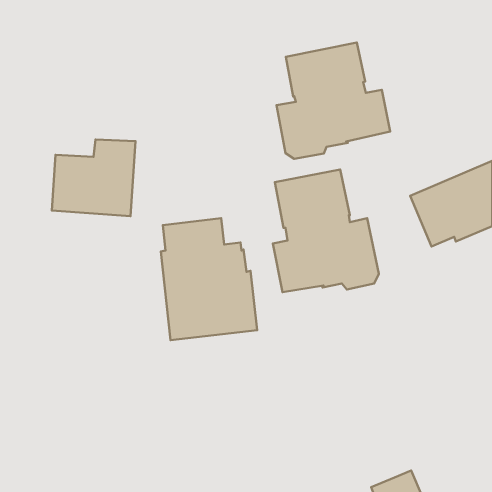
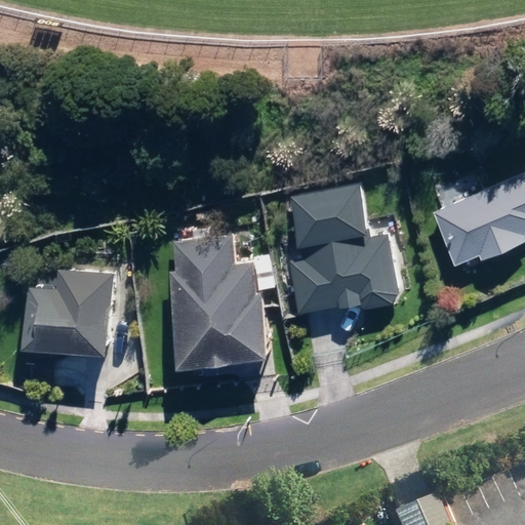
building: [276,42,390,159] -> none
building: [52,139,135,216] -> [25,271,113,352]

